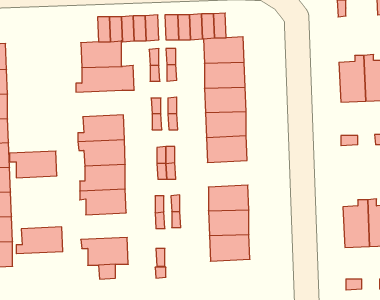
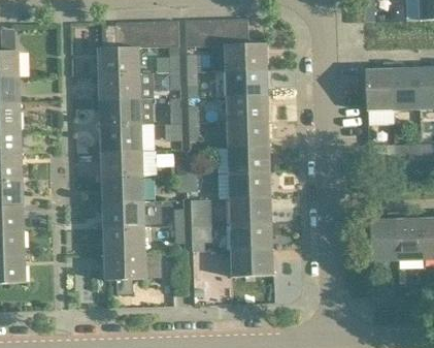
building: [9,151,57,178] -> [92,99,141,127]
building: none -> [229,172,271,200]
building: [16,227,63,254] -> [97,227,145,255]

